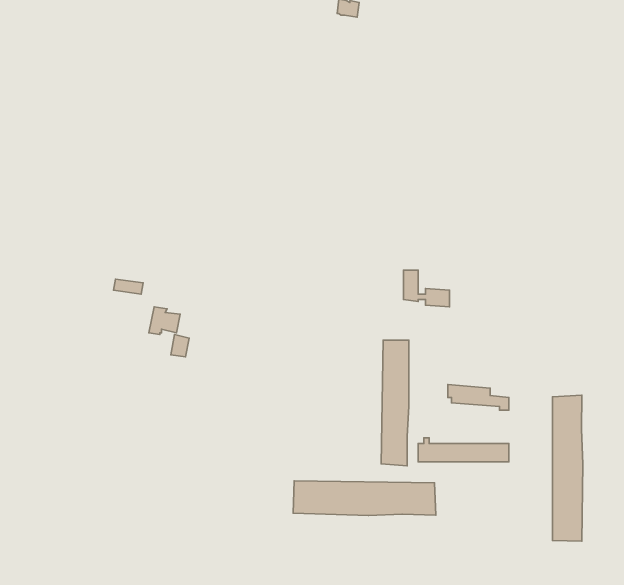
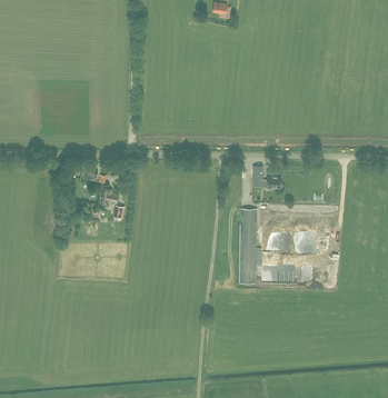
building: [553,395,583,541] -> none
building: [293,481,436,515] -> none

